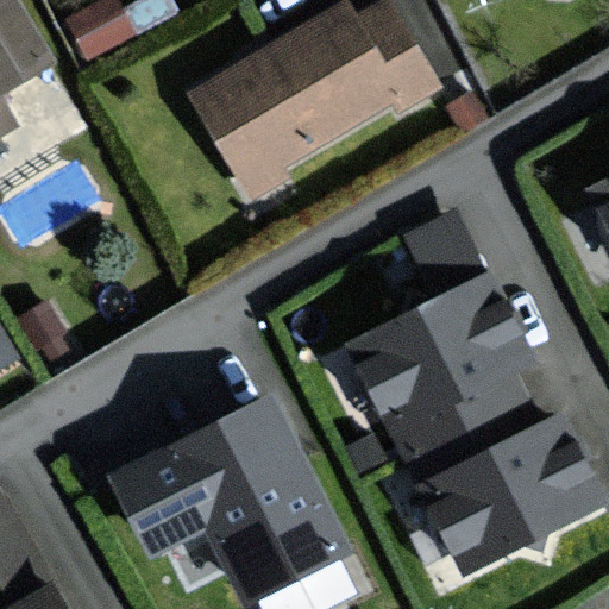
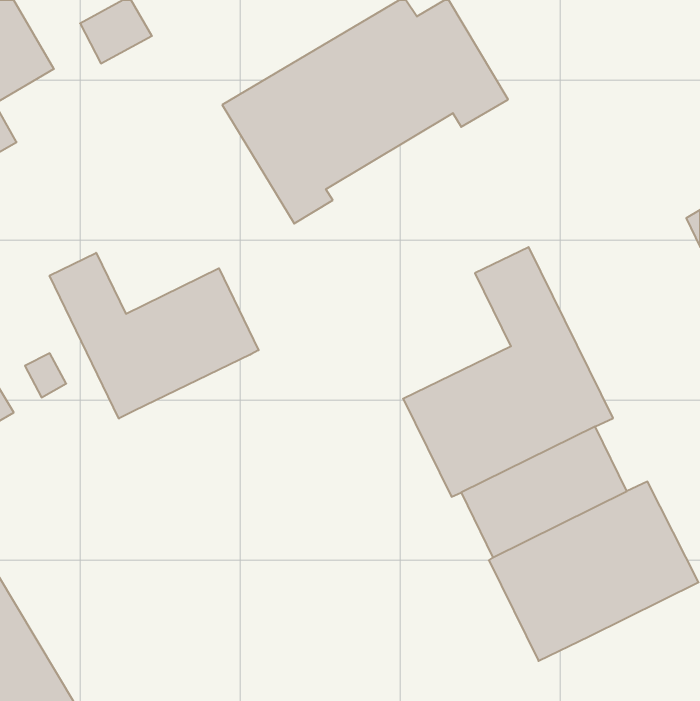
building: none -> [50,253,259,419]
building: [114,400,347,601] -> none

